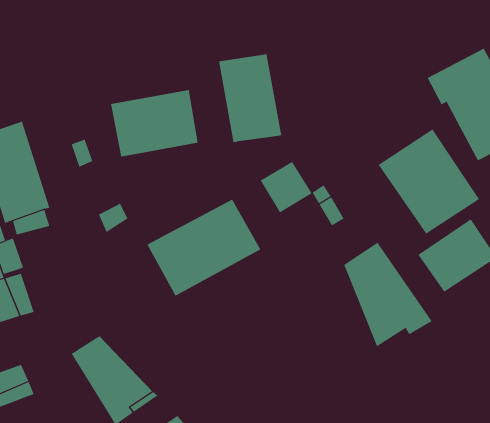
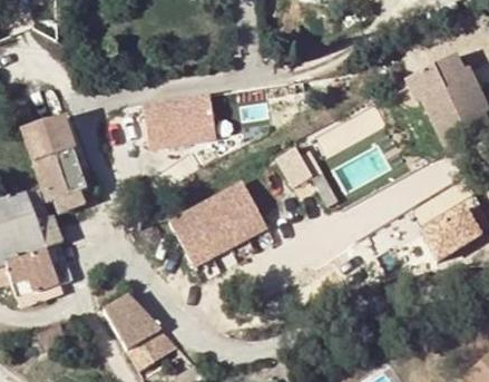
building: [218,53,282,143] -> none
building: [378,128,480,234] -> none
building: [343,242,432,347] -> none

